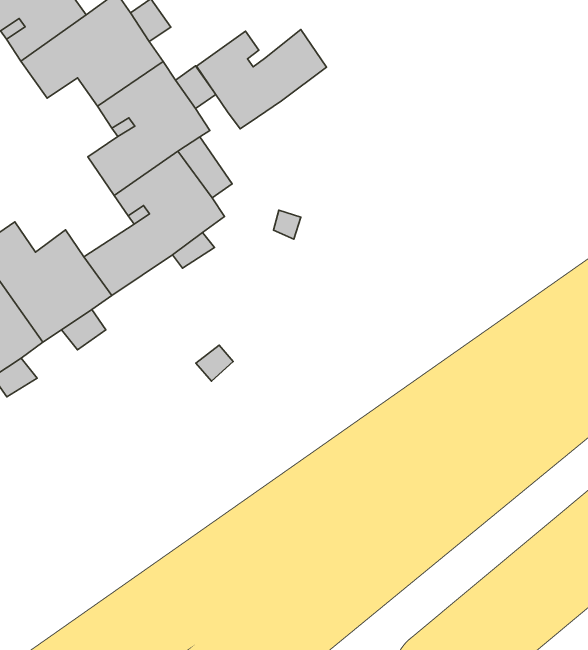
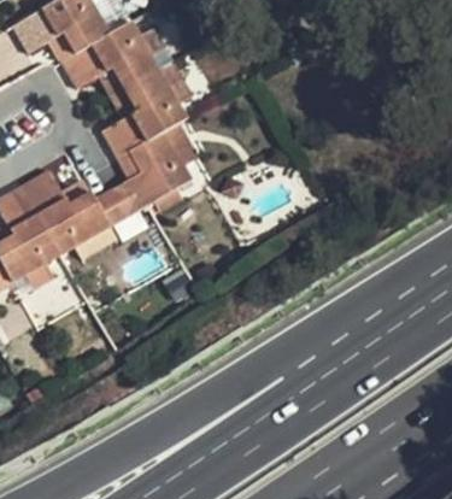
building: [197,30,326,129] -> none

